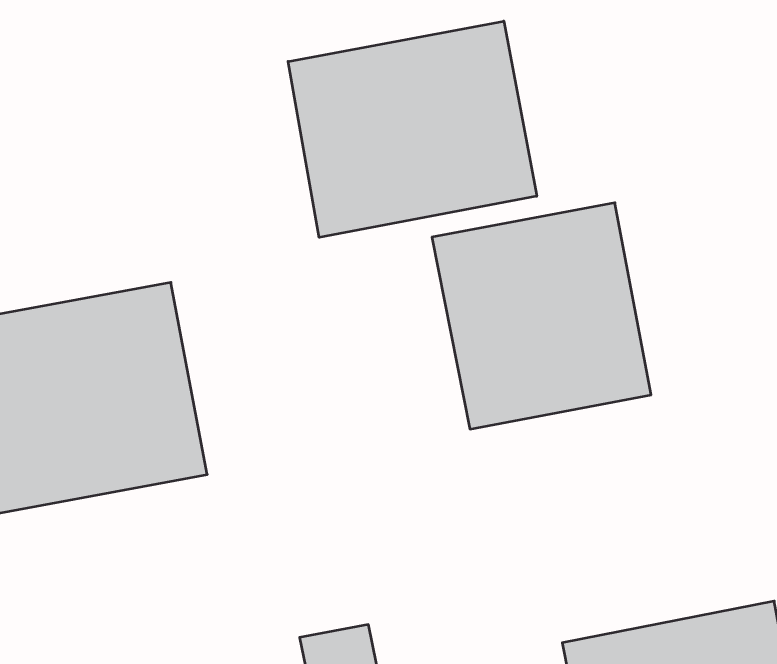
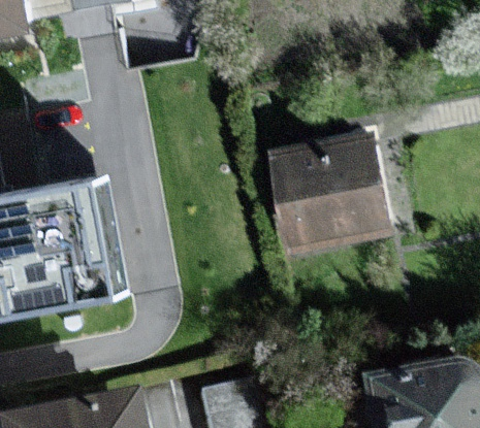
building: [288,21,537,237] -> none

